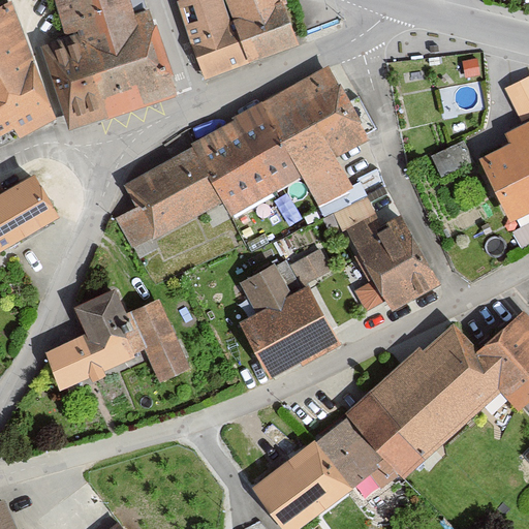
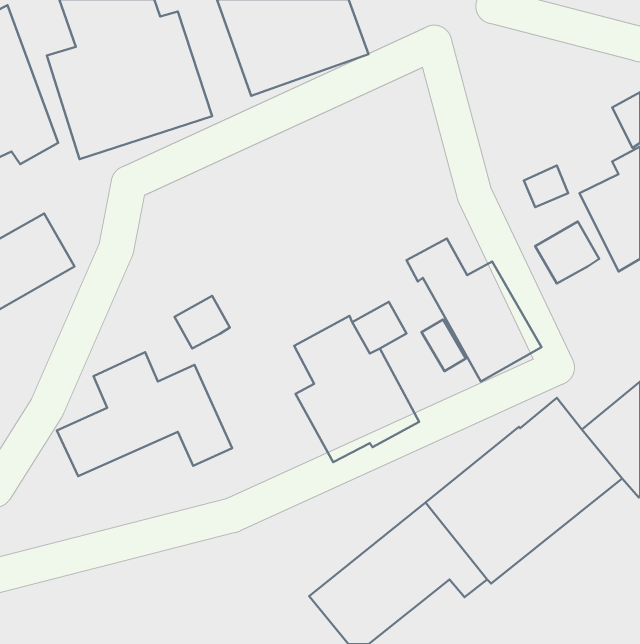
building: [114,65,372,257] -> none
building: none -> [535,221,599,284]
building: none -> [175,296,230,349]

